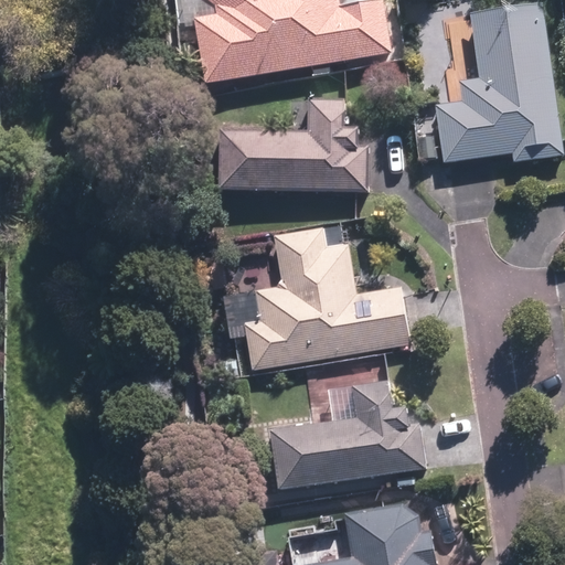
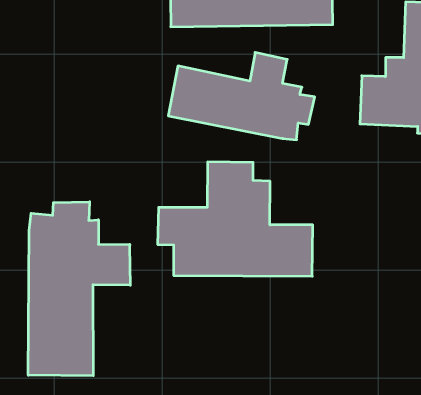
building: none -> [28,202,130,376]
building: [268,381,425,488] -> none

